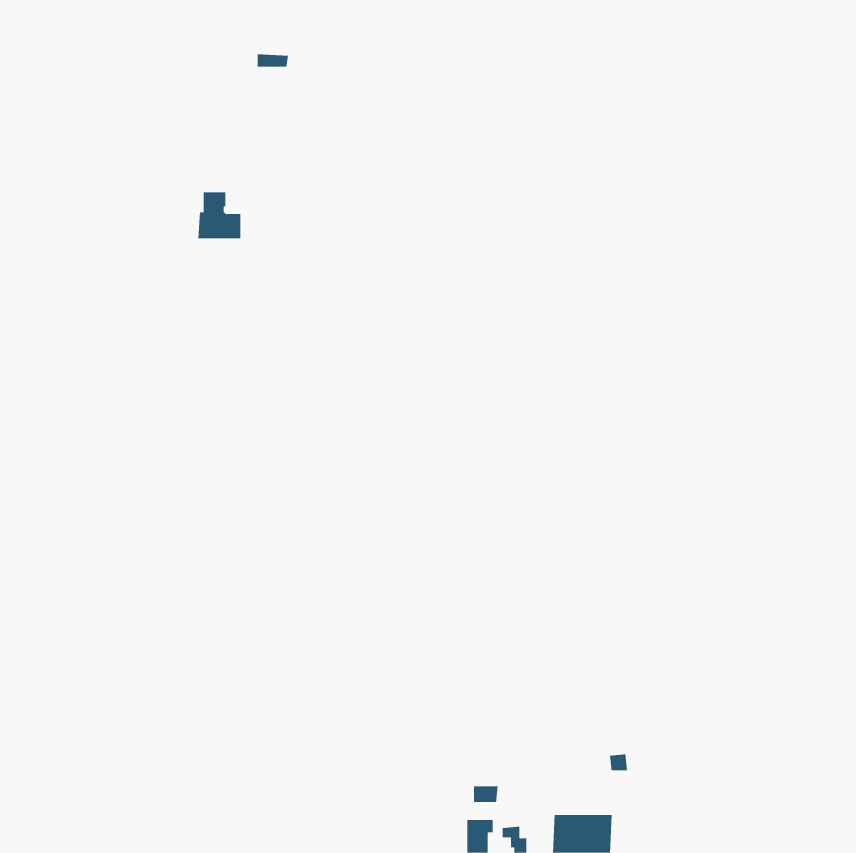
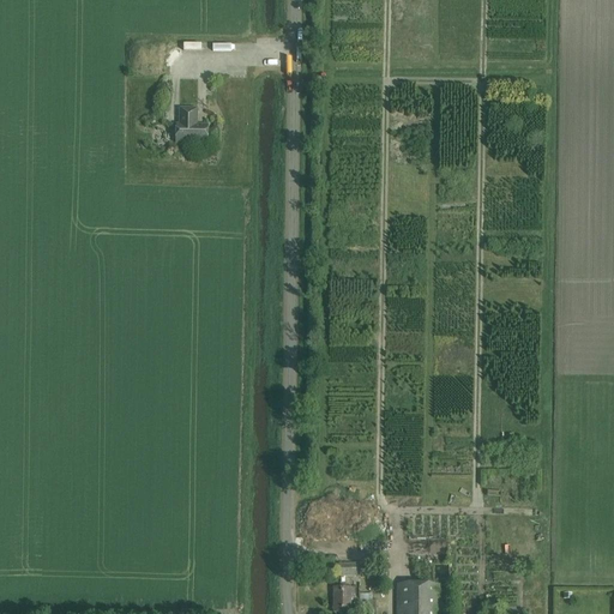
building: [198,192,241,239] -> [175,107,206,140]

